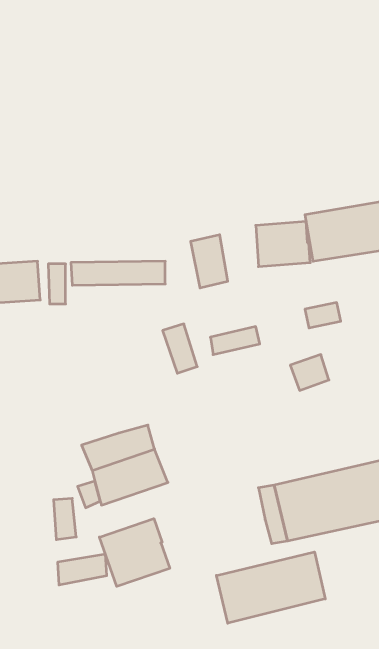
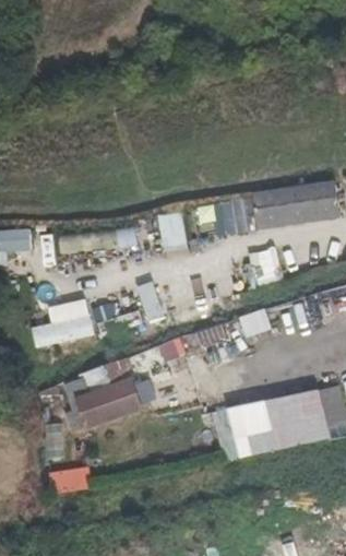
building: none -> [33,293,97,346]
building: [99,519,170,586] -> none
building: [216,552,325,623] -> none

